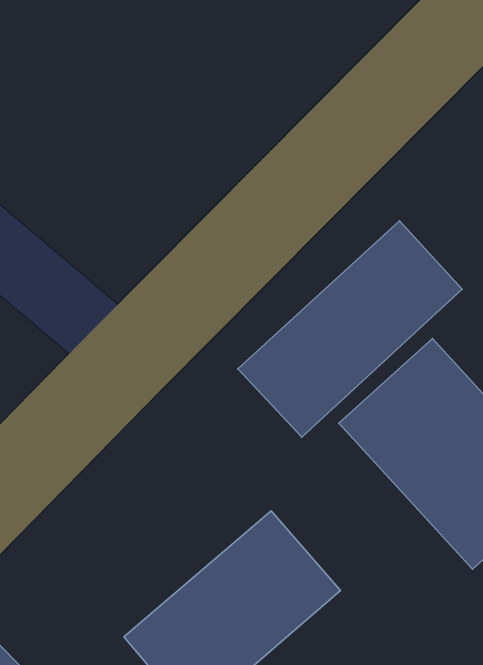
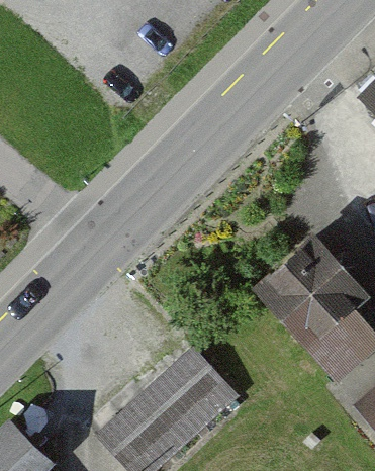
building: [238,221,462,437] -> none

